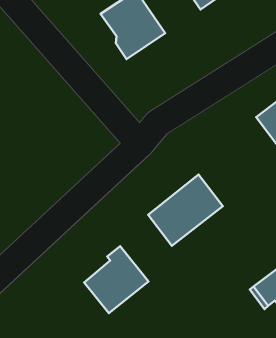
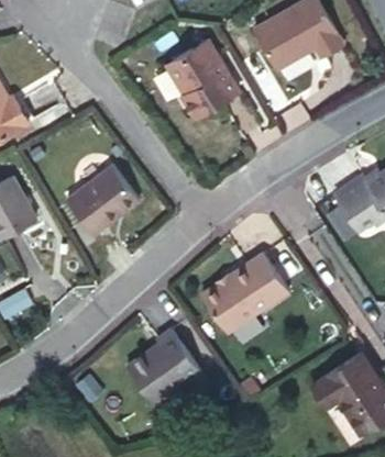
building: none -> [70,166,142,235]

